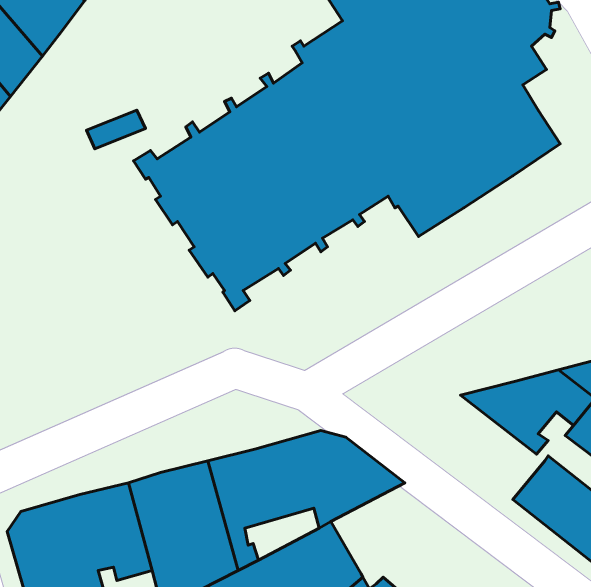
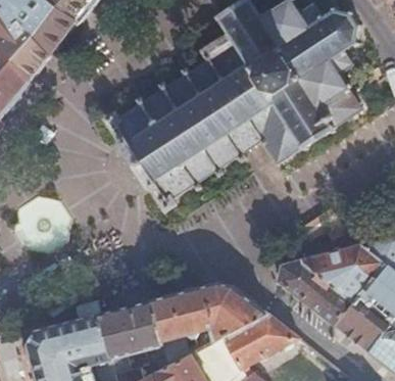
building: none -> [277,260,352,324]
building: none -> [223,314,297,369]

